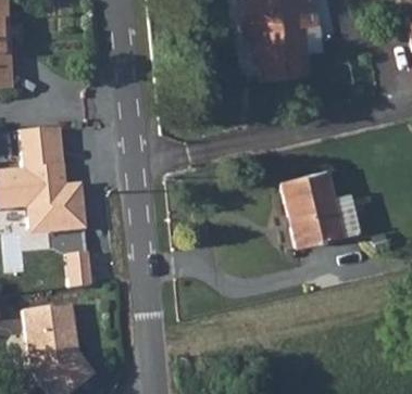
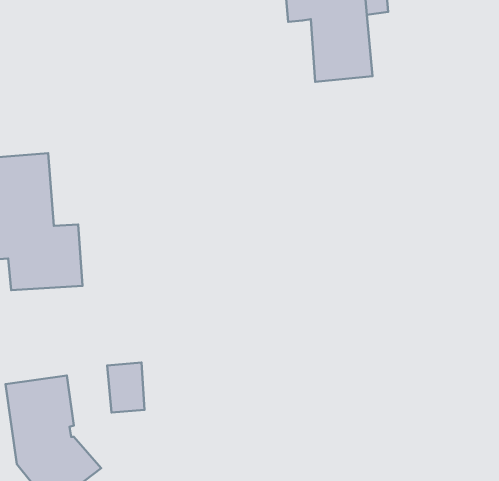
building: [278,170,355,246] -> none
building: [64,253,92,291] -> [107,363,144,413]

